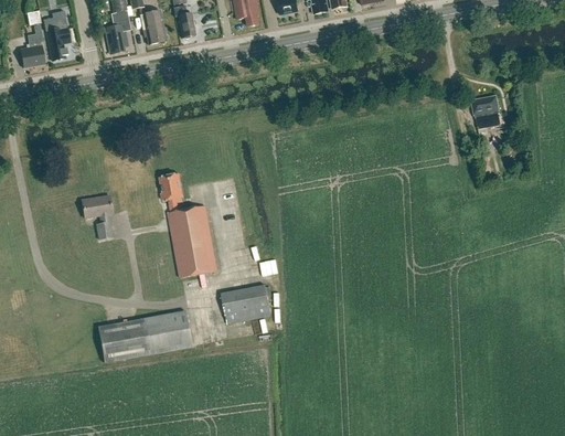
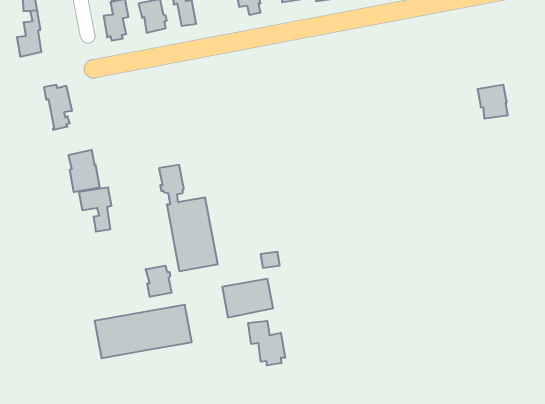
building: [43,15,71,60] -> [44,85,72,130]
building: none -> [69,150,99,192]
building: none -> [146,266,171,297]
building: none -> [248,321,285,365]

